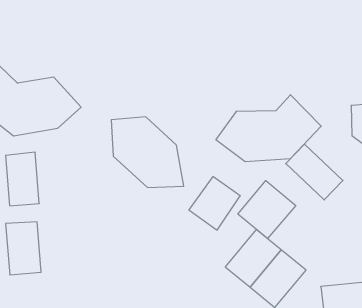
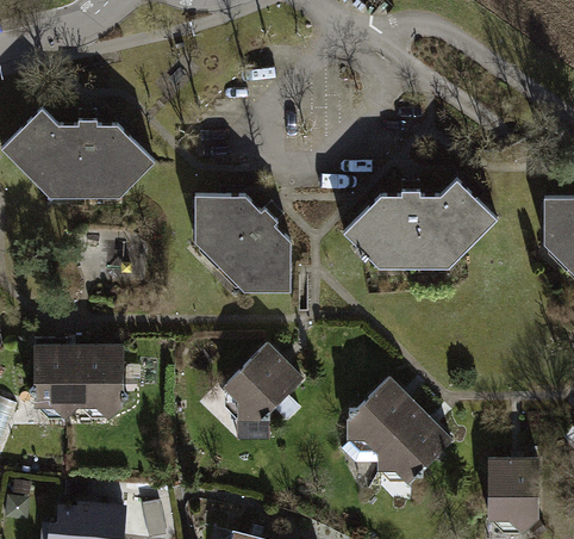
building: [286,144,343,200] -> none
building: [6,152,39,206] -> [80,334,123,408]
building: [189,177,240,230] -> [226,339,301,416]
building: [238,181,296,239] -> none

